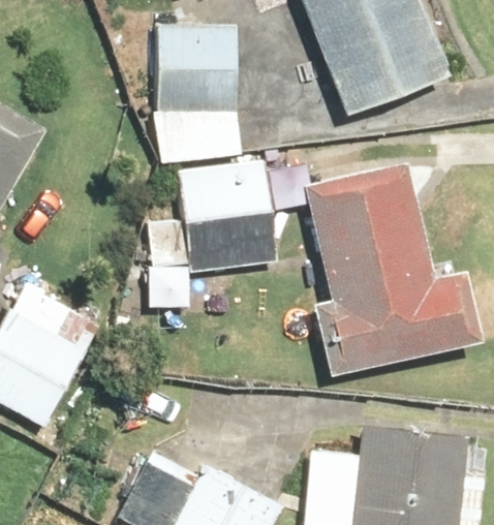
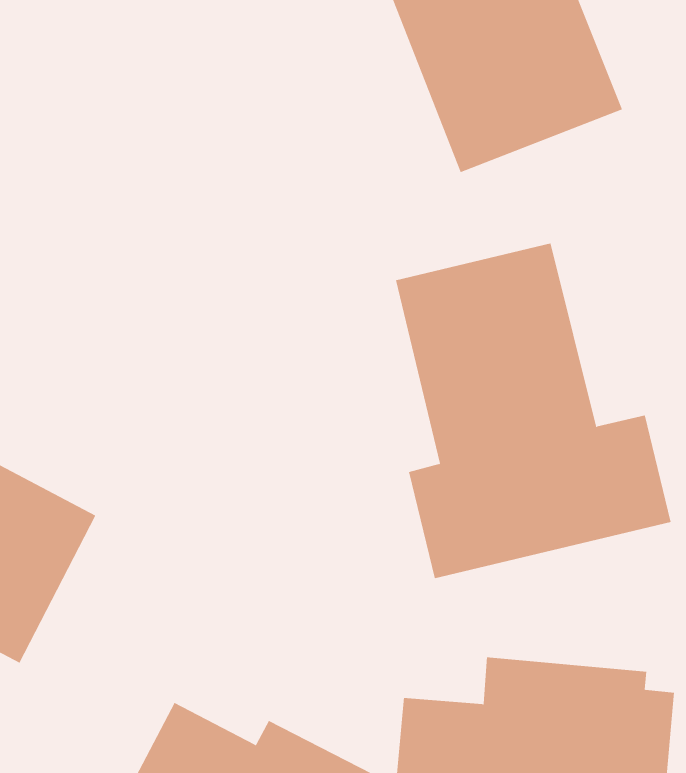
building: [161,29,247,159] -> none
building: [153,172,285,267] -> none

